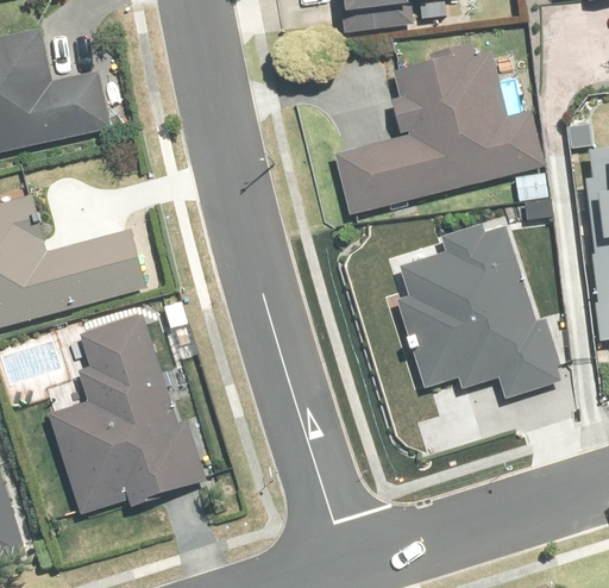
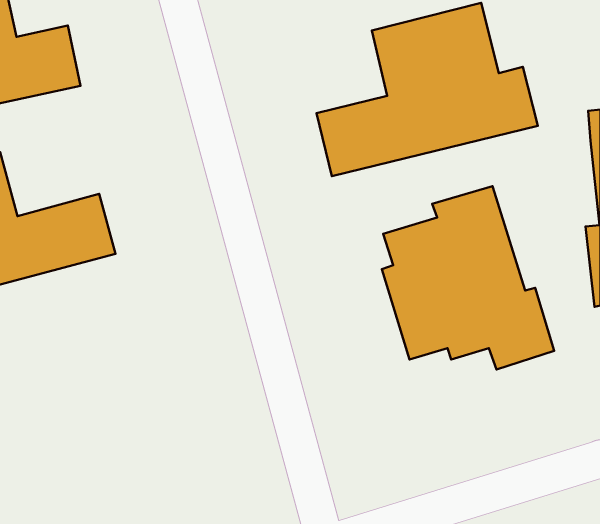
building: [48,313,205,512] -> none

